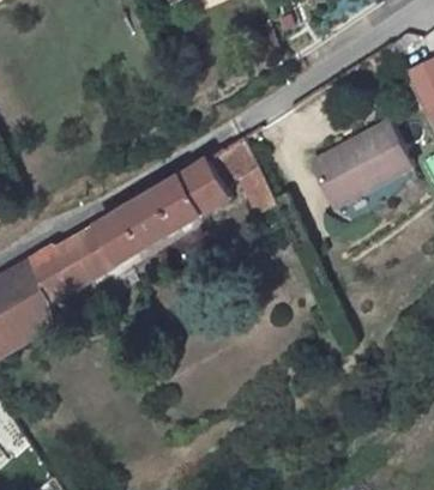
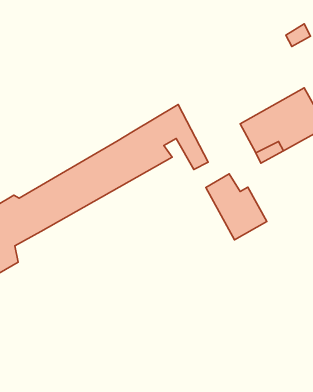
building: none -> [206,174,267,240]

